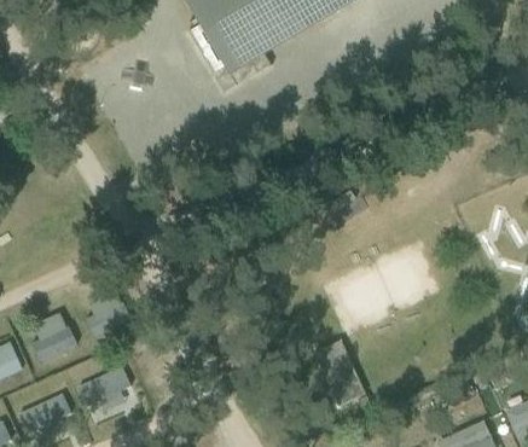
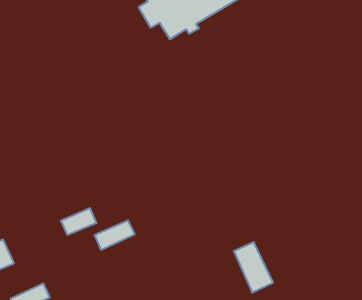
building: [36,313,81,355] -> none
building: [79,368,132,407] -> [94,220,135,250]

